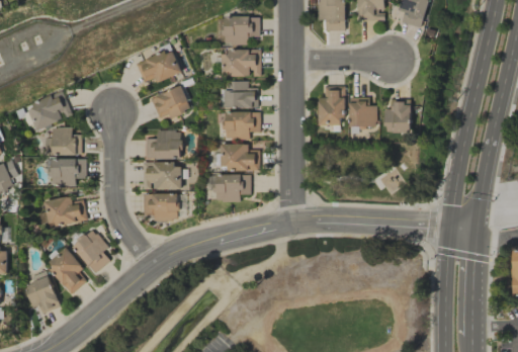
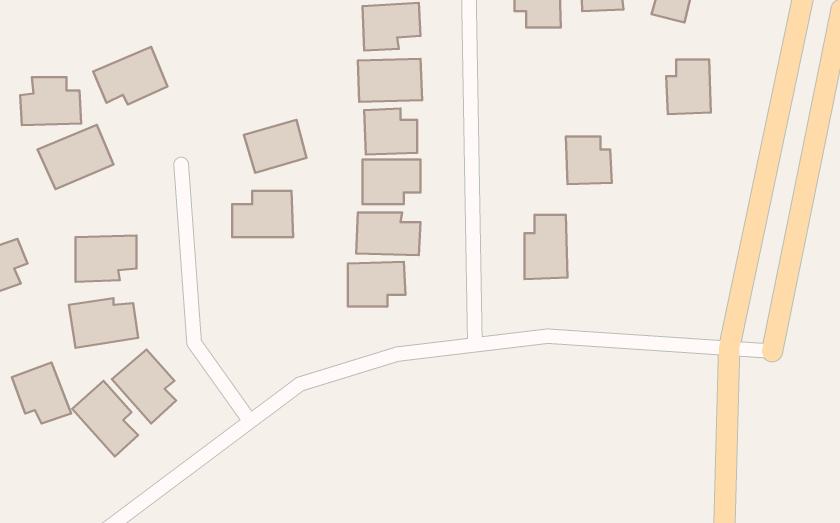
building: [136,49,181,84] -> [93,47,168,105]
building: [318,87,344,126] -> [524,215,567,279]
building: [383,100,411,134] -> [666,60,711,114]
building: [44,127,81,157] -> [20,77,81,125]
building: [142,163,181,190] -> none
building: [143,194,177,222] -> none
building: [23,276,60,314] -> [12,362,71,423]

